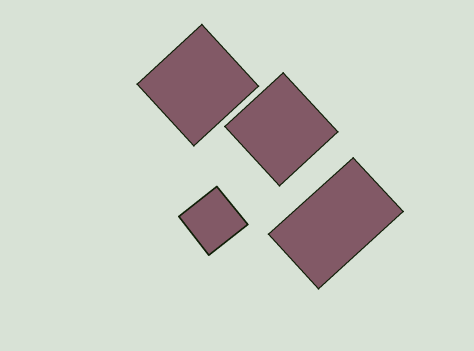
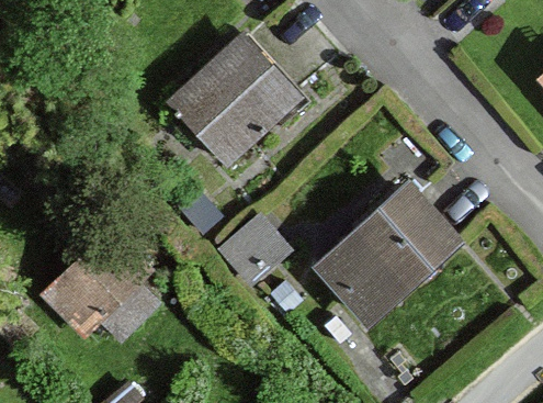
building: [225,73,338,186] -> none
building: none -> [38,236,161,357]

